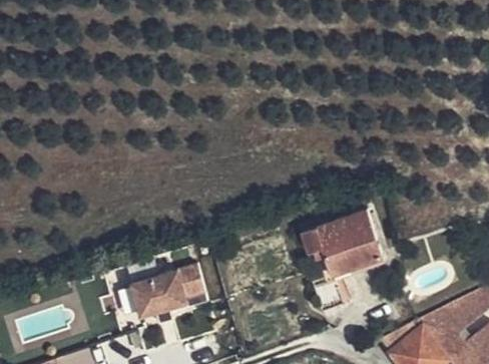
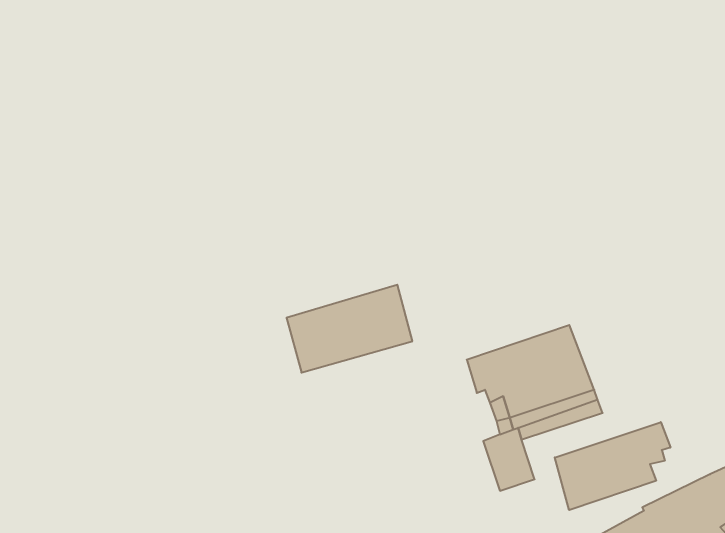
building: [129,267,205,320] -> [286,285,412,373]
building: none -> [555,422,670,510]

